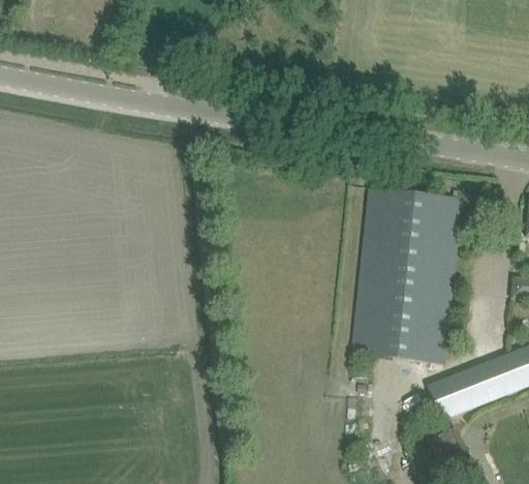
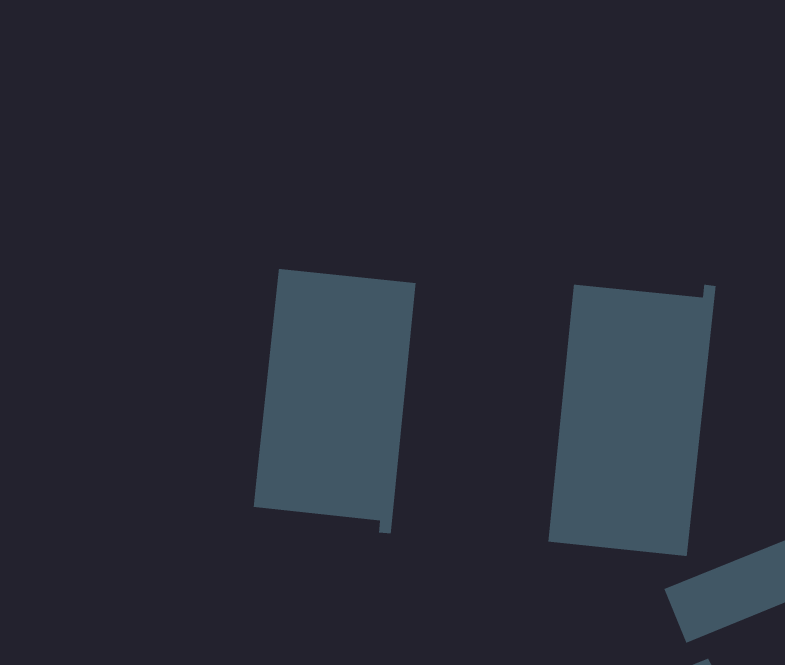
building: none -> [253,268,416,534]

